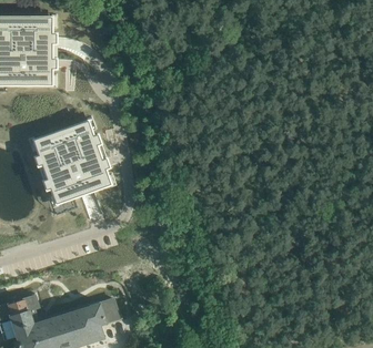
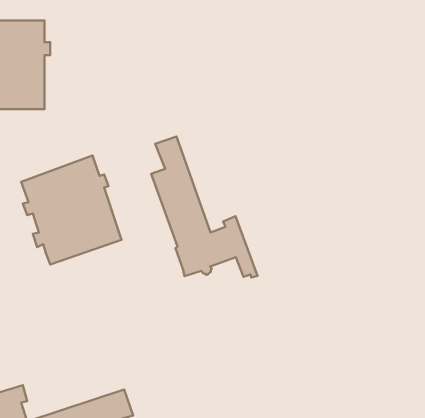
building: none -> [151,136,258,278]

